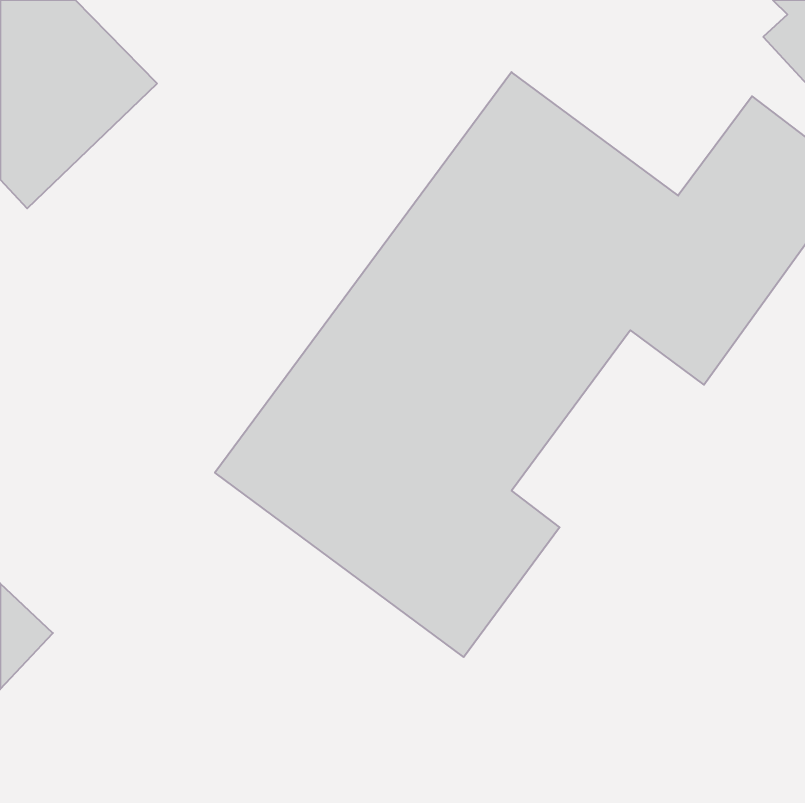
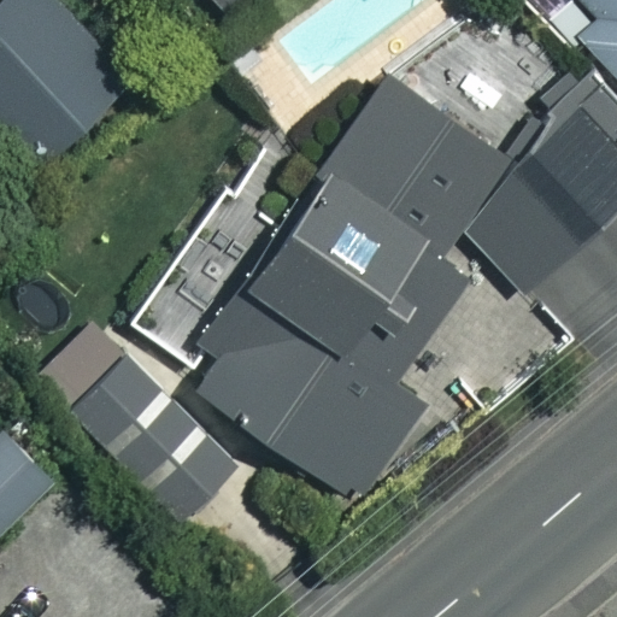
building: none -> [71,359,239,523]

